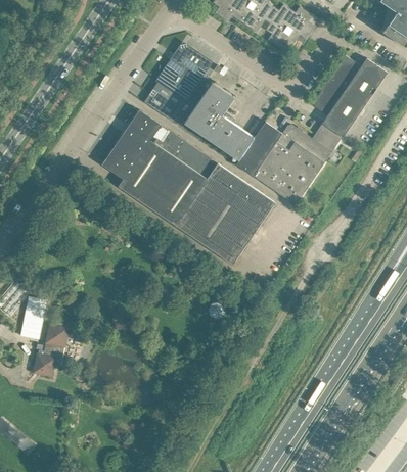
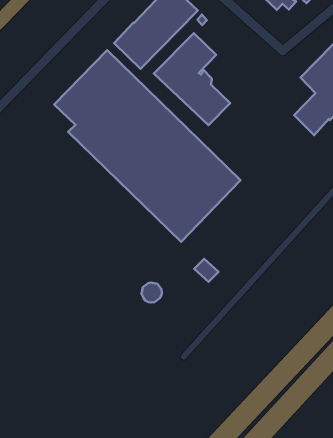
building: [235,122,331,204] -> none

